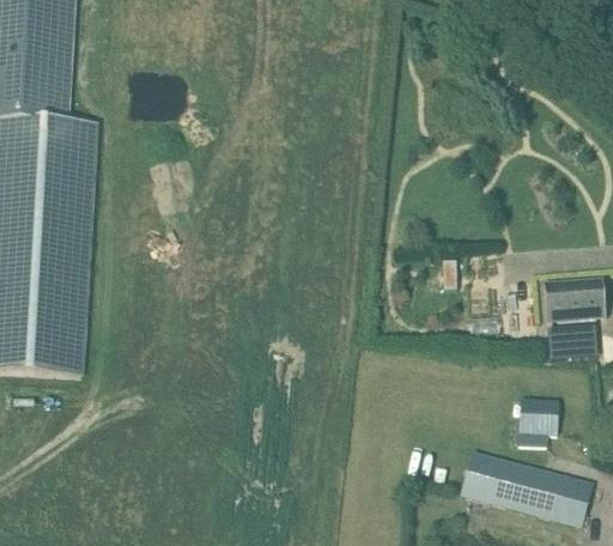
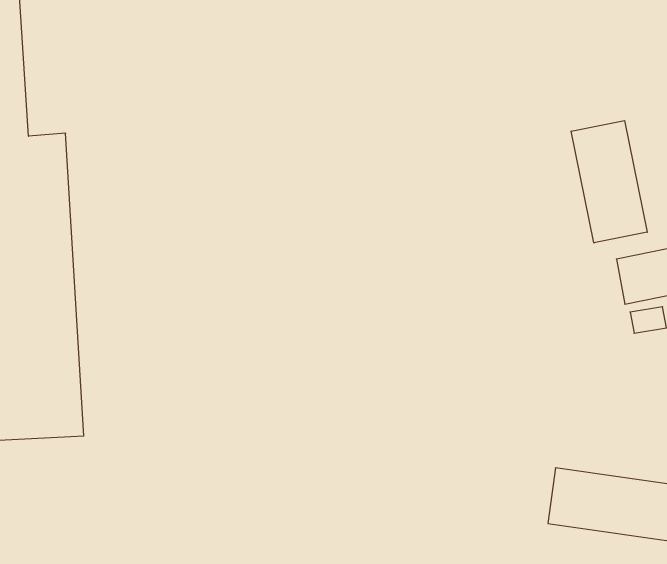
building: none -> [571,121,647,243]
building: [517,398,558,447] -> none

